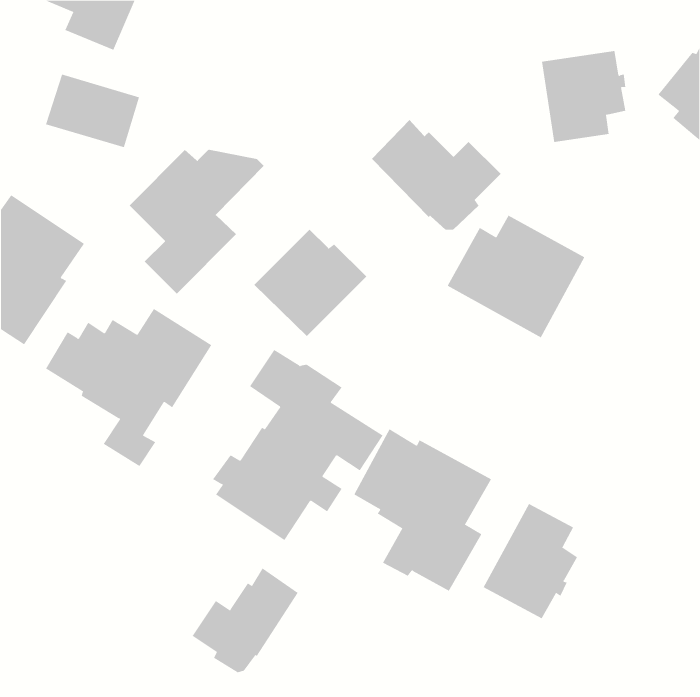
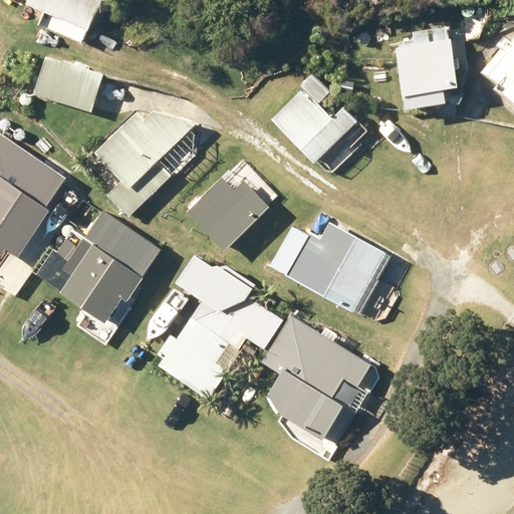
building: [447,215,585,338] -> [284,222,386,312]
building: [483,503,578,619] -> none
building: [192,567,299,673] -> none

